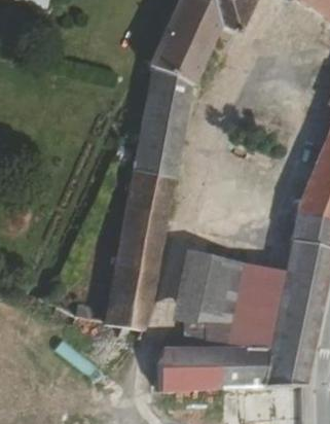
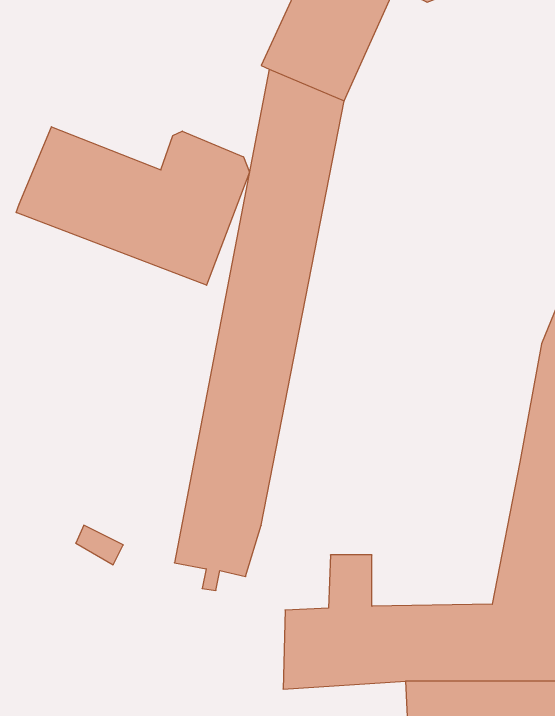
building: none -> [16,127,249,285]
building: [174,249,286,345] -> none

